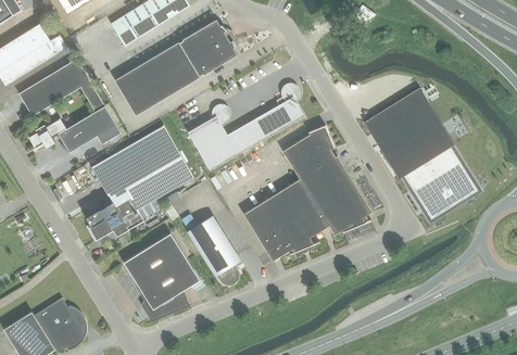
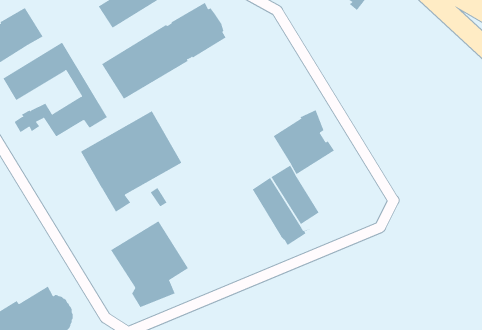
building: [188,84,304,170] -> none
building: [363,88,477,219] -> none
building: [305,165,371,234] -> none
building: [85,199,130,239] -> none
building: [243,203,290,261] -> none
building: [188,216,240,286] -> none

